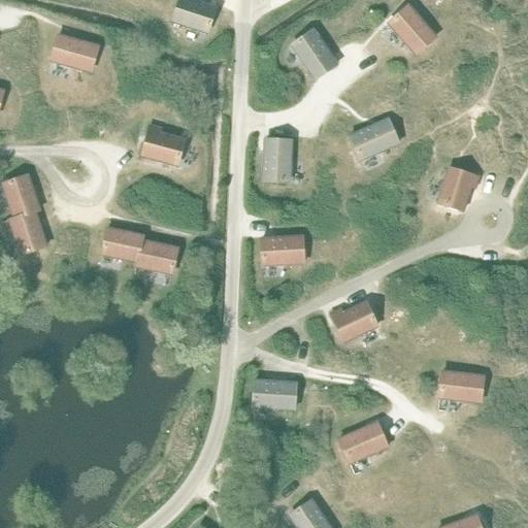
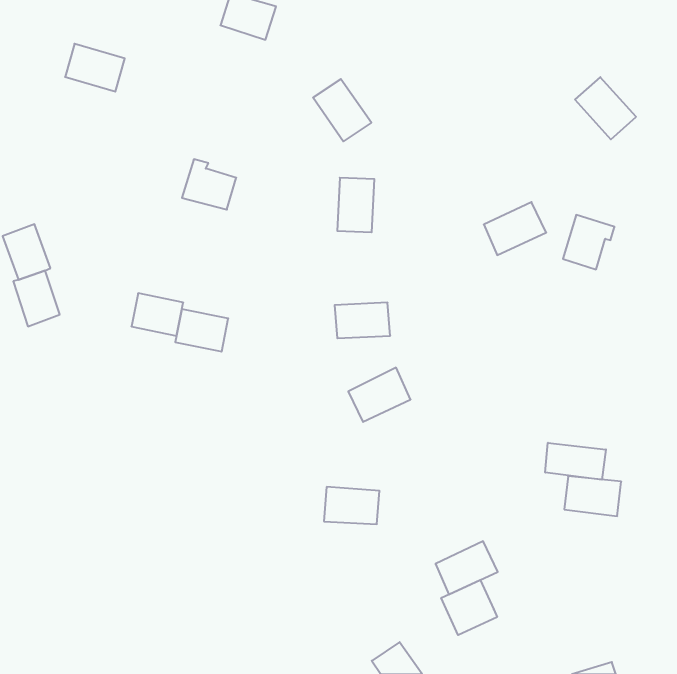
building: [389,4,436,53] -> [575,77,636,139]
building: [292,29,337,77] -> [313,79,371,141]
building: [351,118,399,159] -> [484,202,546,255]
building: [331,299,380,341] -> [348,368,411,422]
building: none -> [545,443,606,480]
building: none -> [441,580,497,635]

